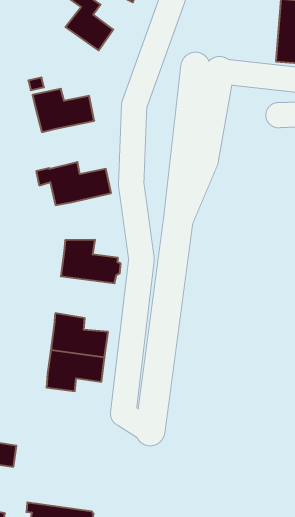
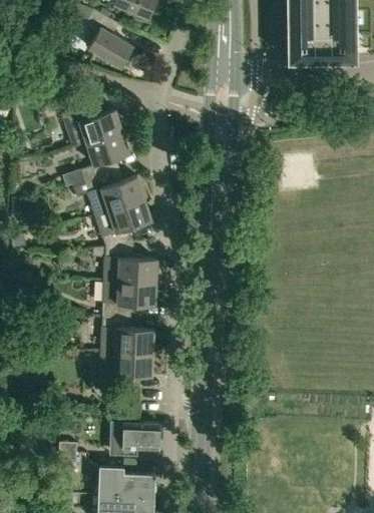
building: none -> [80,133,129,182]
building: none -> [93,199,151,247]
building: none -> [102,282,155,319]
building: none -> [122,423,159,456]
building: none -> [92,466,156,499]

